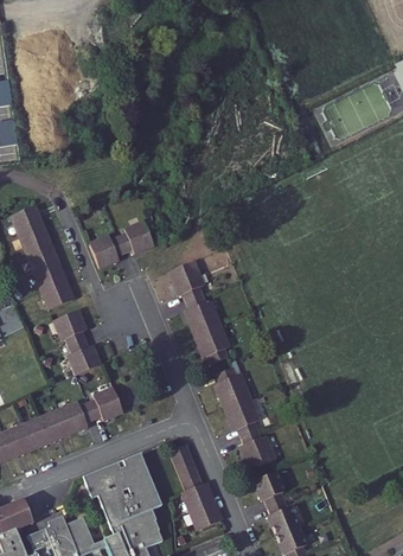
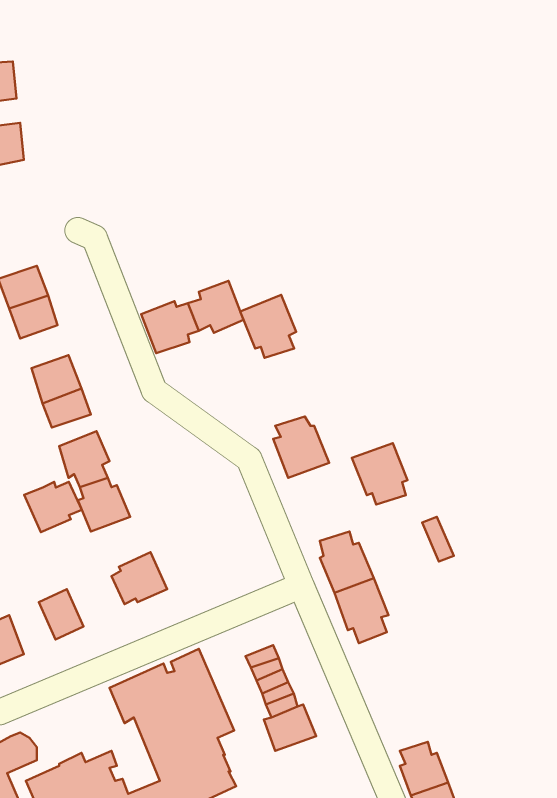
building: [25,242,56,269] -> none
building: [172,266,207,306] -> [240,295,296,358]
building: [196,330,231,369] -> [352,443,408,504]
building: [55,402,91,434] -> [24,482,82,532]
building: [18,418,47,452] -> none
building: [239,437,274,475] -> none
building: [252,478,284,513] -> none
building: [187,504,220,532] -> none

